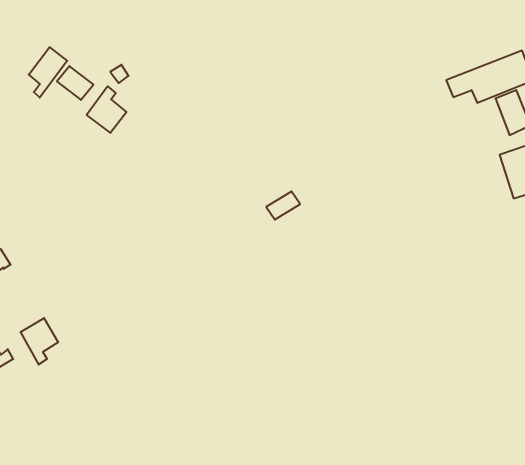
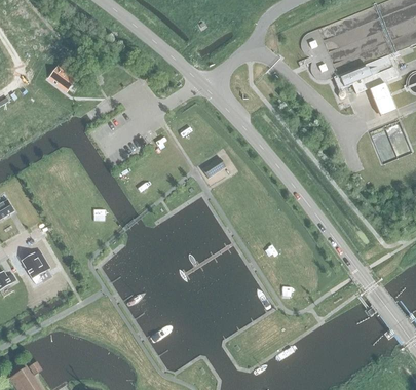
building: [29,47,67,98] -> none
building: [87,86,126,133] -> none

